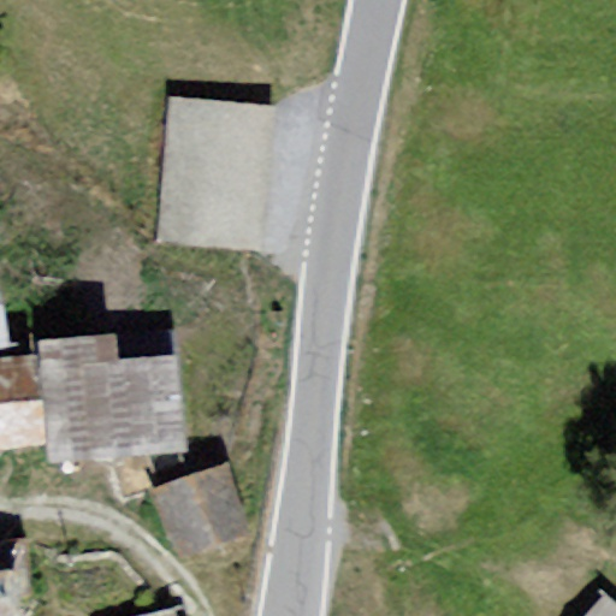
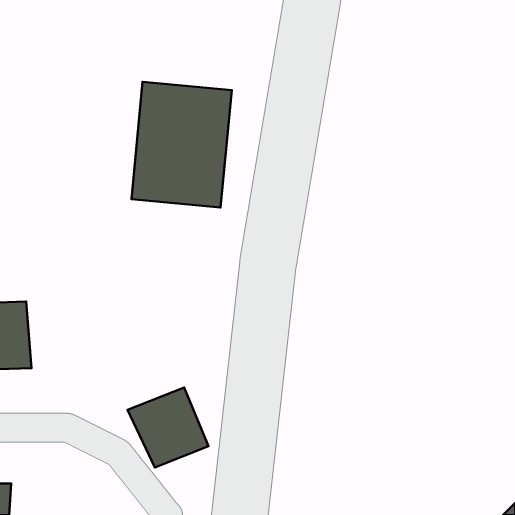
building: [41,337,178,452] -> none

